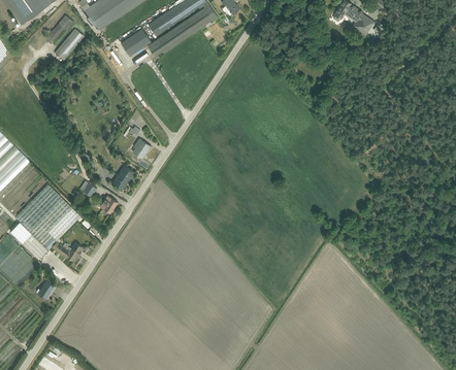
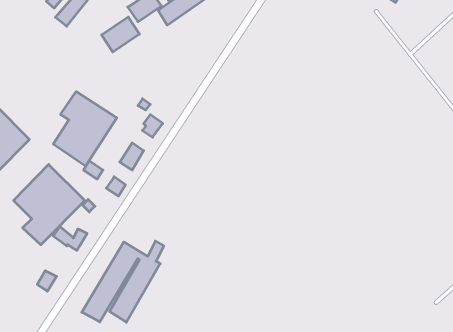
building: none -> [102,17,139,52]
building: none -> [53,92,117,166]
building: none -> [82,241,164,322]

